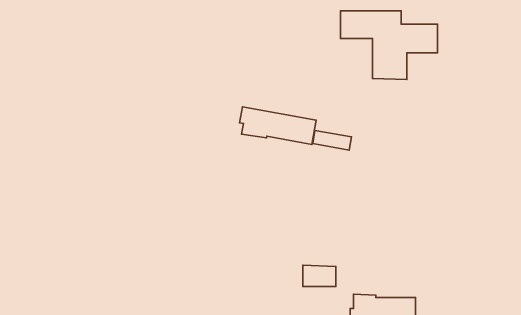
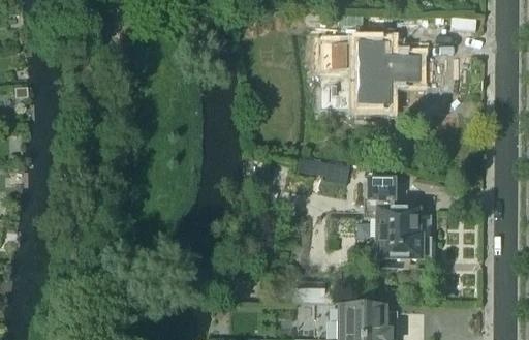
building: [240,107,316,144] -> none
building: none -> [364,180,431,265]

